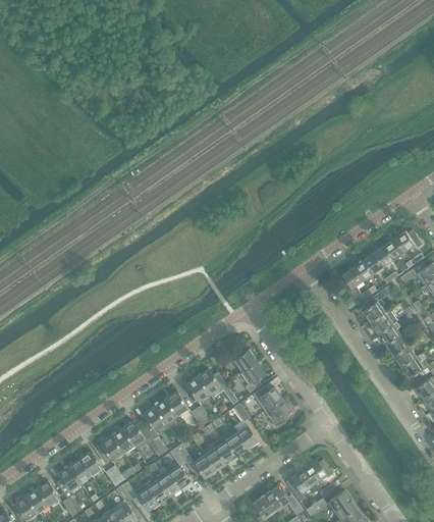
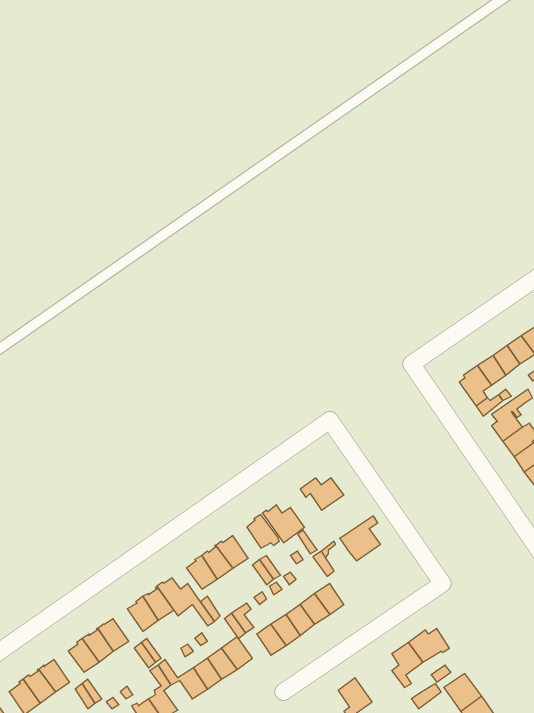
building: [239,362,264,394] -> none
building: [265,398,290,426] -> none
building: [264,486,302,515] -> none

